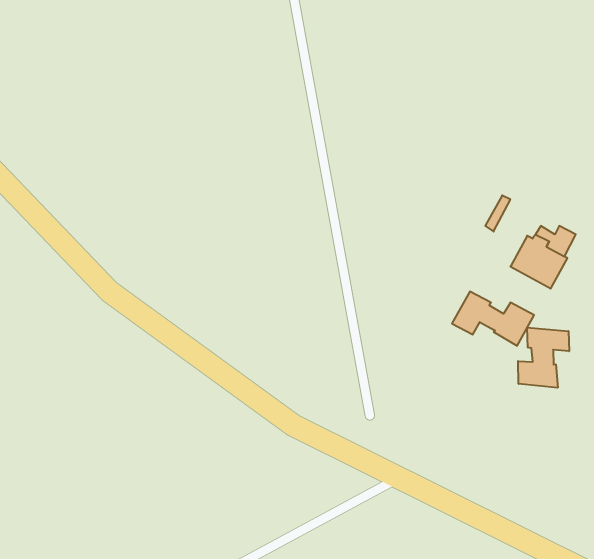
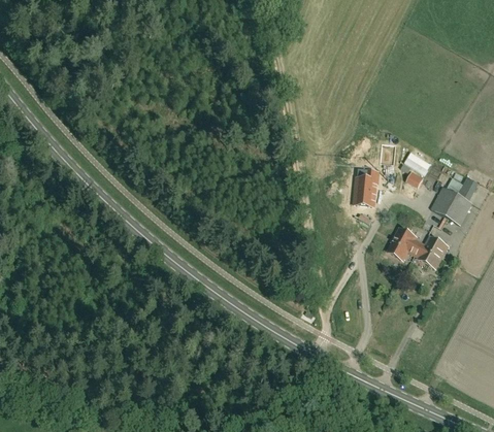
building: none -> [354,172,378,207]
building: [518,327,569,388] -> none

